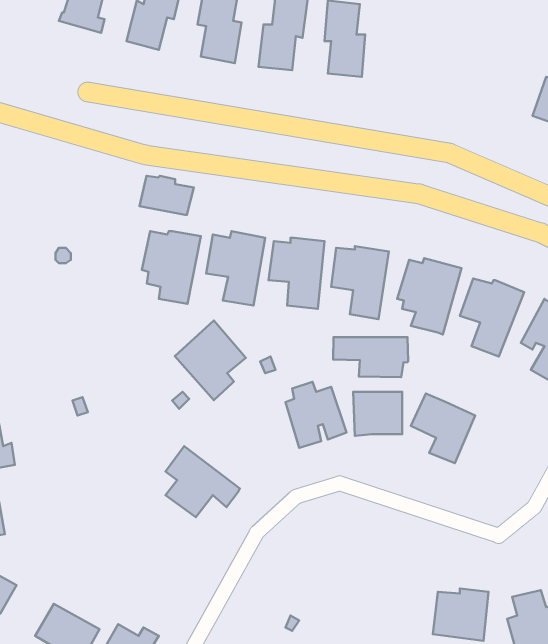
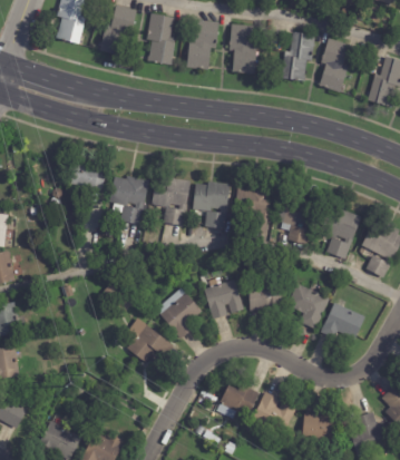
building: none -> [281,32,314,81]
building: none -> [319,39,349,94]
building: [140,176,194,215] -> [70,163,106,188]
building: [175,321,246,400] -> [155,286,202,339]
building: [333,337,408,377] -> none
building: none -> [320,302,365,339]
building: none -> [216,384,258,419]
building: none -> [252,391,296,433]

